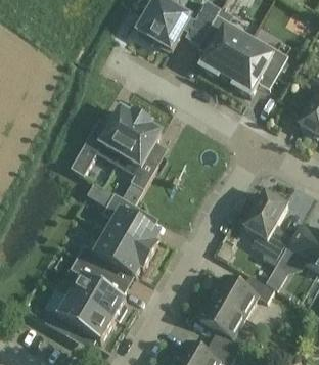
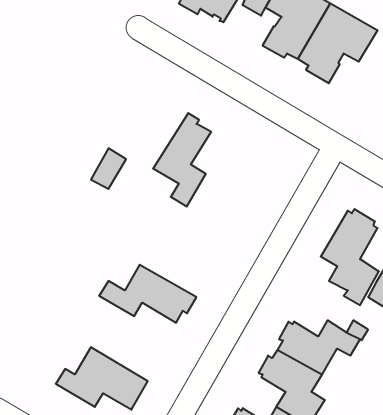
building: [97,108,144,159] -> none
building: [102,192,160,257] -> none
building: [70,256,127,320] -> none

